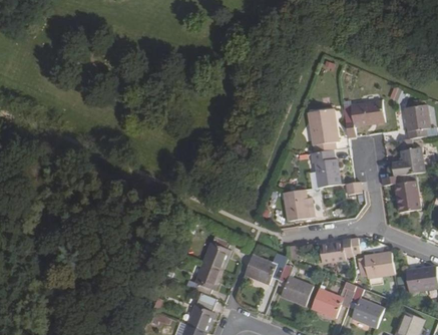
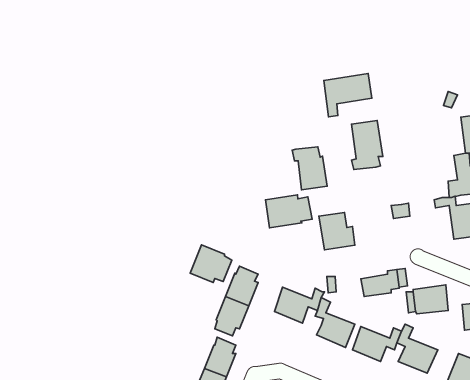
building: [343,100,384,137] -> [324,74,372,117]
building: [310,150,340,188] -> [292,147,327,190]
building: none -> [265,195,312,228]
building: none -> [190,245,232,282]

